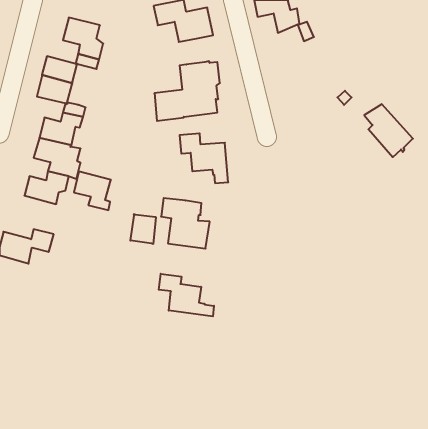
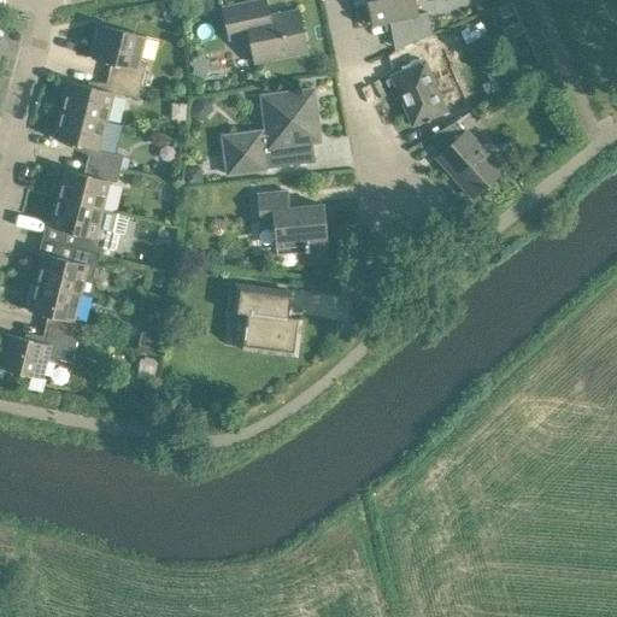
building: none -> [386,43,459,125]
building: [364,104,413,157] -> [430,121,500,196]
building: [74,171,111,210] -> [28,281,81,336]
building: [130,214,156,244] -> none
building: [159,274,214,316] -> none

